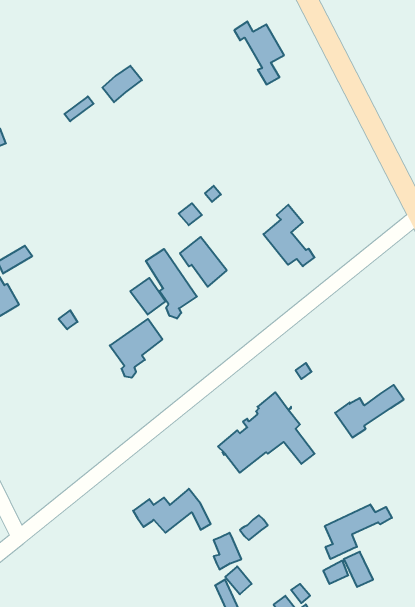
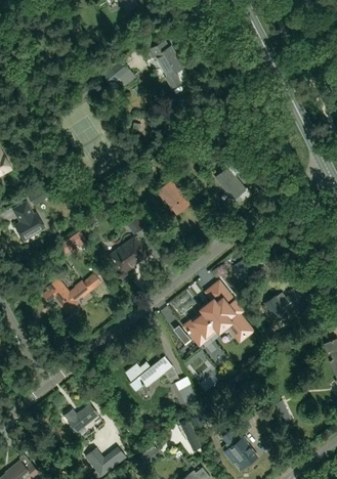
building: [234,21,284,84] -> [149,44,183,88]
building: [146,249,197,319] -> none
building: none -> [44,274,99,314]
building: [325,504,392,559] -> none
building: none -> [65,404,97,432]

